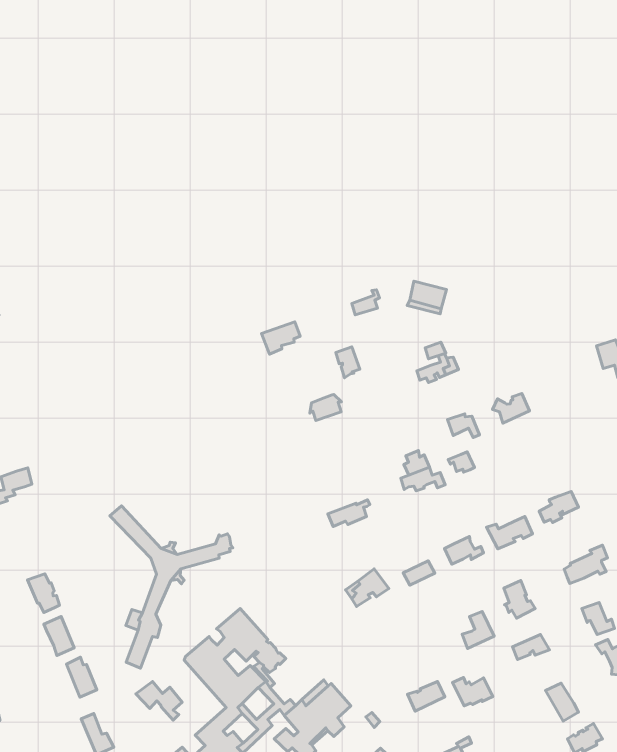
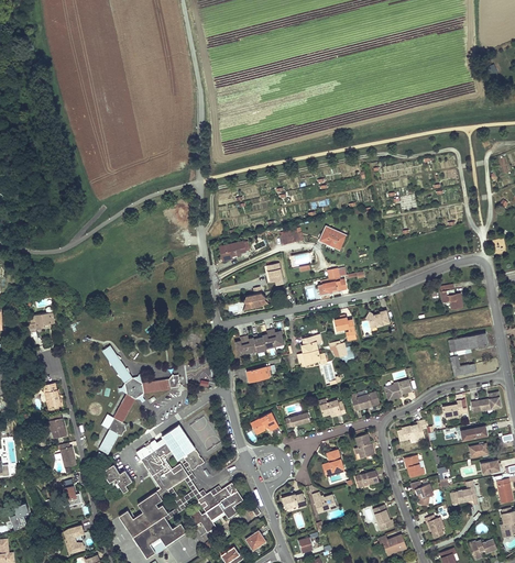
building: none -> [233,330,284,354]

